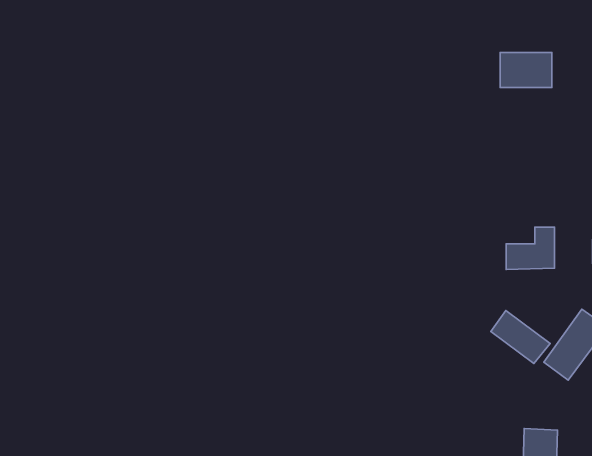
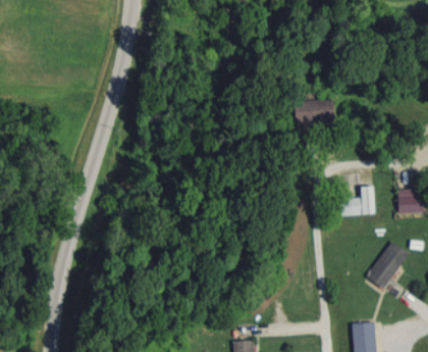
building: [500,53,552,87] -> [299,100,333,123]
building: [491,310,550,363] -> none

